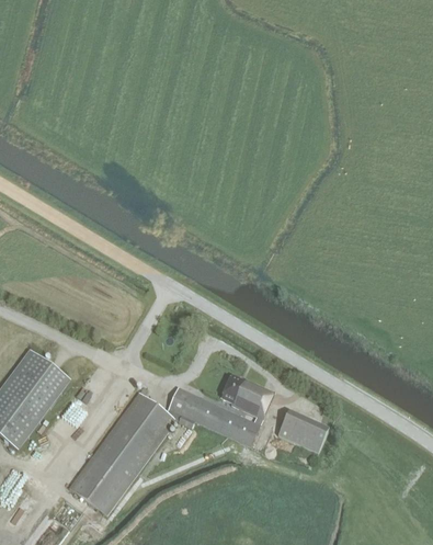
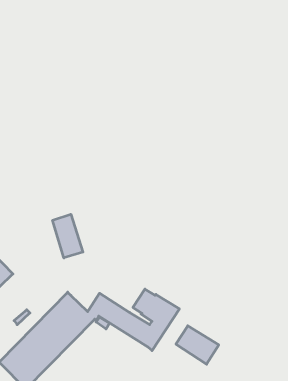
building: none -> [53,214,83,258]

